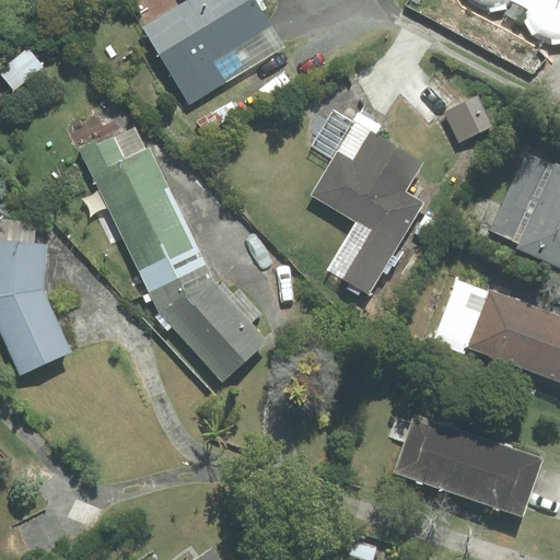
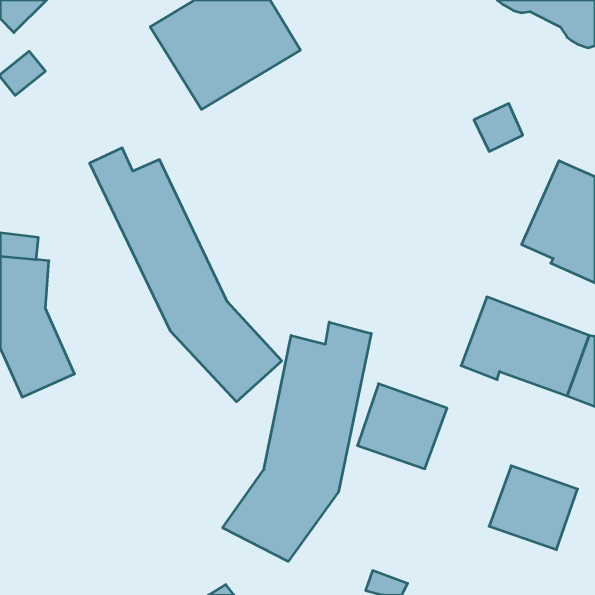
building: [312,110,422,293] -> none
building: none -> [223,322,371,561]
building: [396,415,480,494] -> [357,384,447,469]

